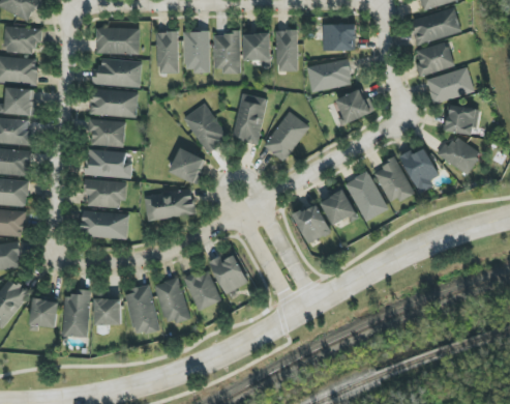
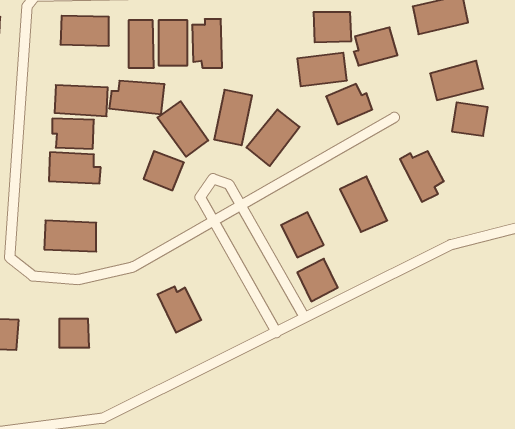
building: [275,29,298,71] -> none
building: [243,33,270,66] -> none
building: [415,41,454,76] -> [354,27,398,66]
building: [92,58,142,88] -> [109,81,165,114]
building: [439,135,481,174] -> none
building: [373,156,412,204] -> none
building: [85,179,126,207] -> none
building: [144,189,196,221] -> none
building: [321,189,357,227] -> [297,259,338,301]
building: [209,255,248,294] -> none
building: [154,278,189,324] -> none
building: [125,286,159,335] -> none
building: [62,289,89,337] -> none

